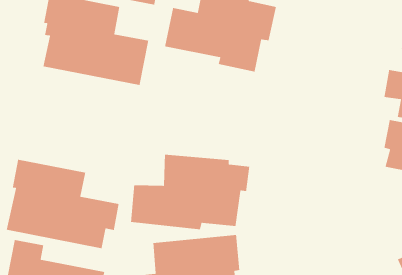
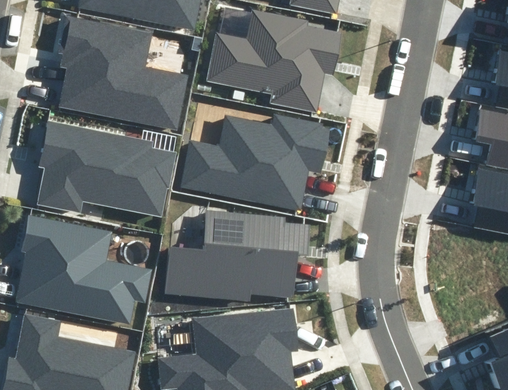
building: none -> [182,114,330,211]
building: none -> [37,120,176,217]

